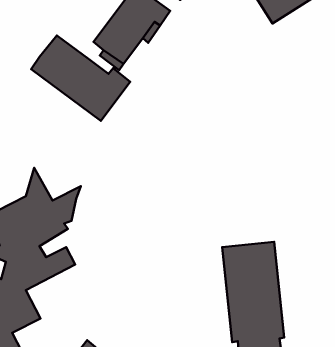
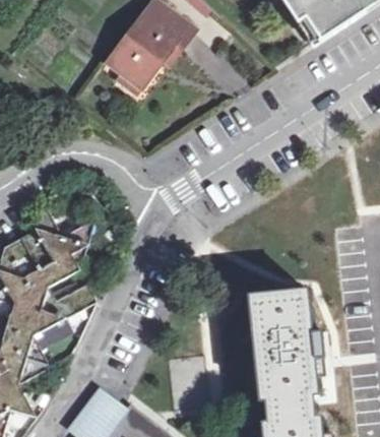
building: [31,35,130,121] -> none

